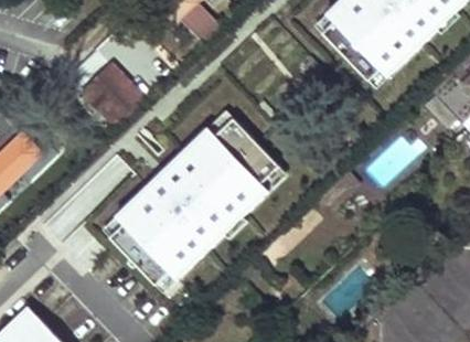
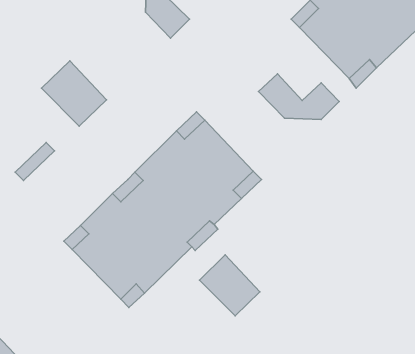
building: none -> [258,74,339,119]
building: none -> [199,255,260,316]

